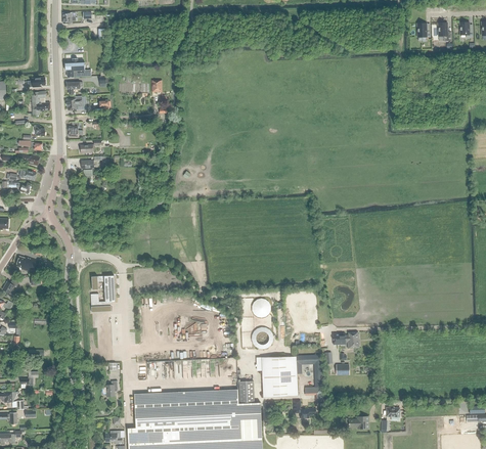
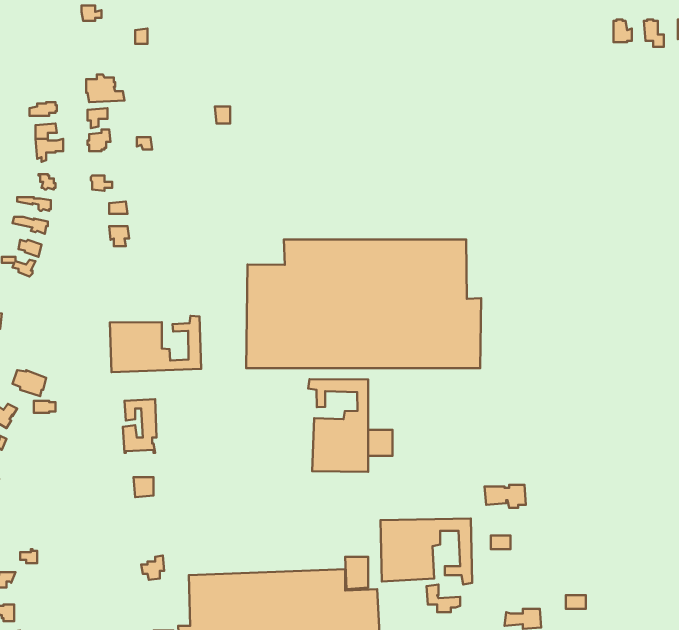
building: none -> [246,240,481,368]
building: none -> [110,316,201,372]
building: none -> [308,379,368,472]

